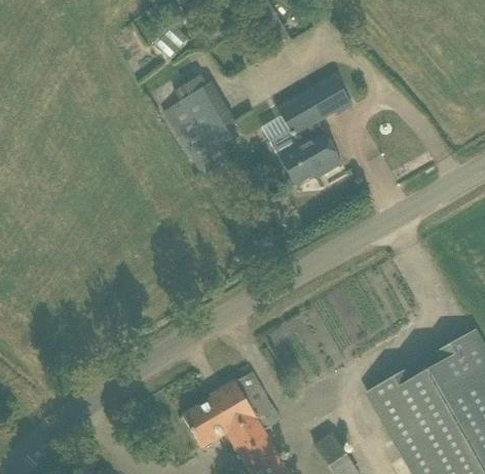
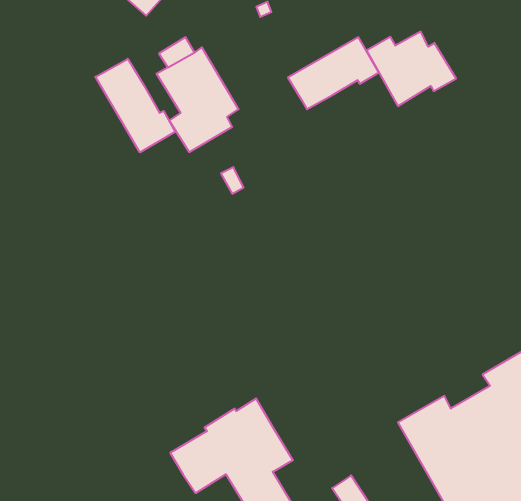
building: none -> [95,59,175,152]
building: [269,124,342,185] -> [366,32,456,106]

